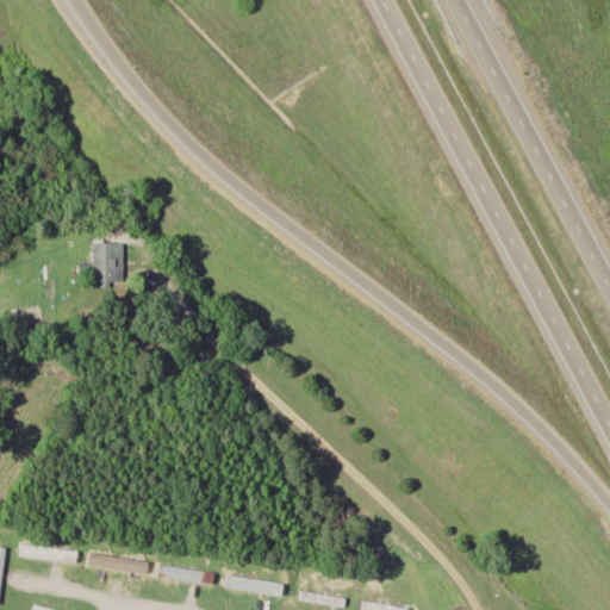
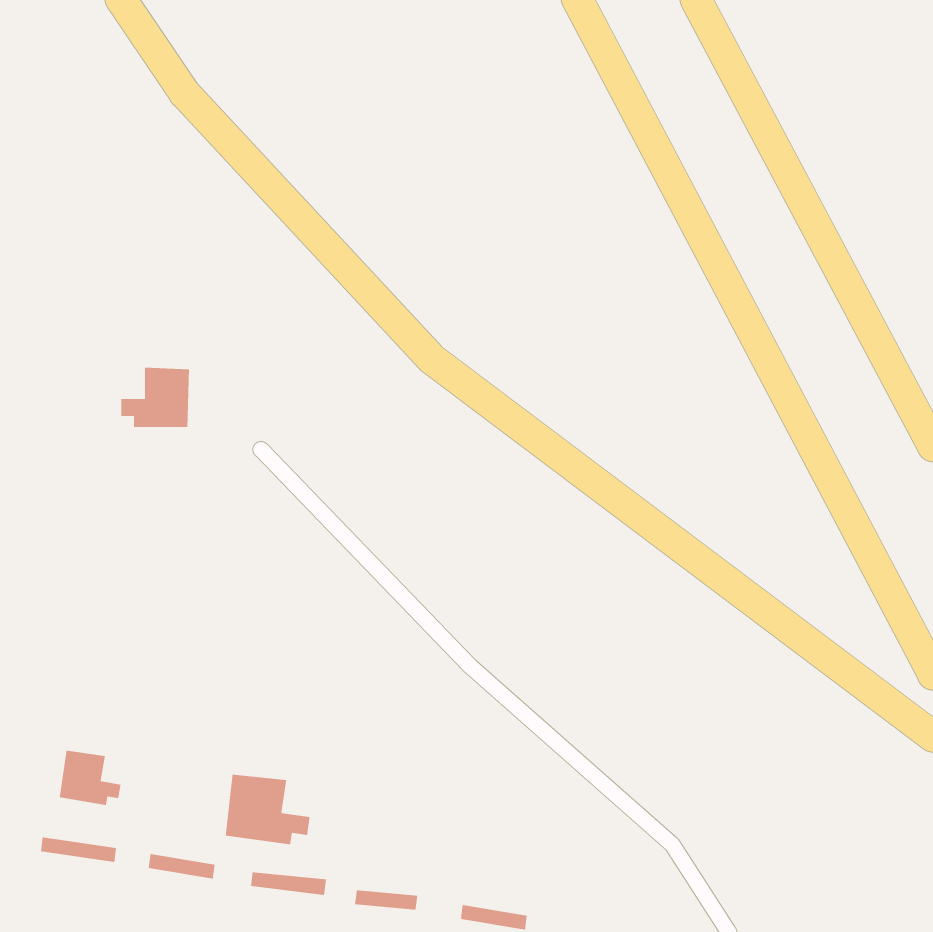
building: none -> [59,750,121,806]
building: none -> [225,774,310,845]

